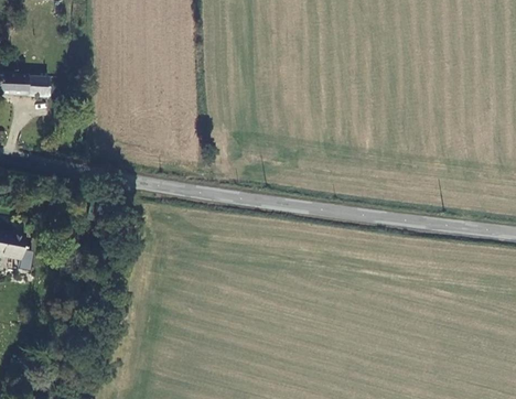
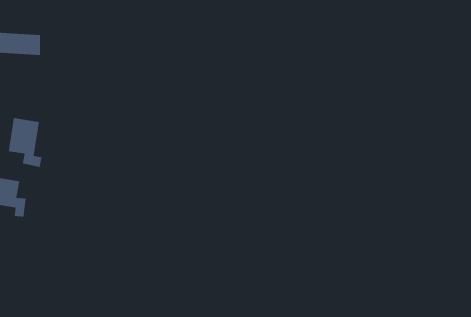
building: none -> [8,117,42,168]

